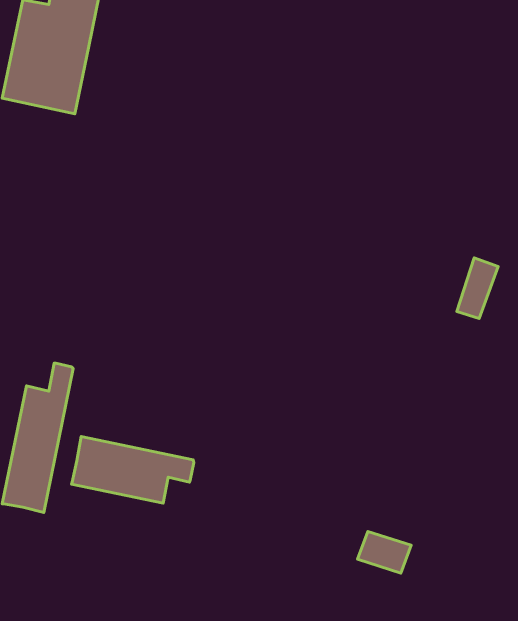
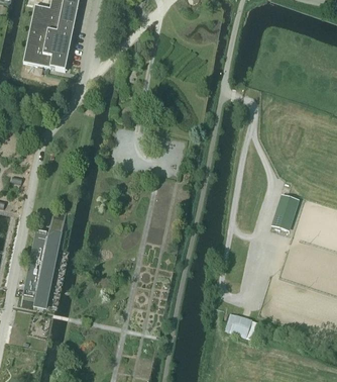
building: [457,258,498,318] -> [272,194,297,229]
building: [71,437,194,503] -> none

